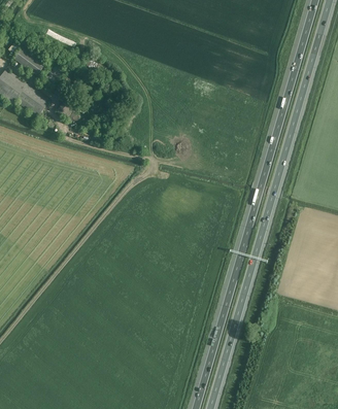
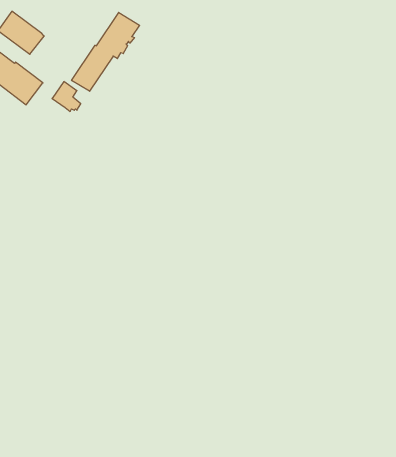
building: none -> [72,12,140,91]

